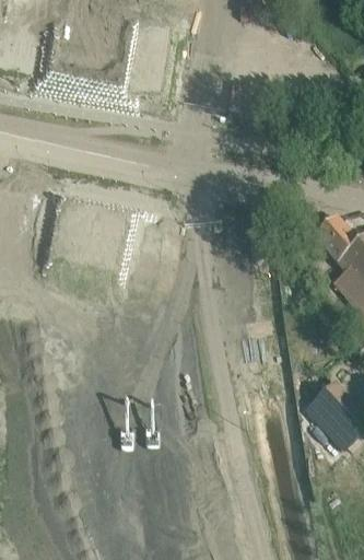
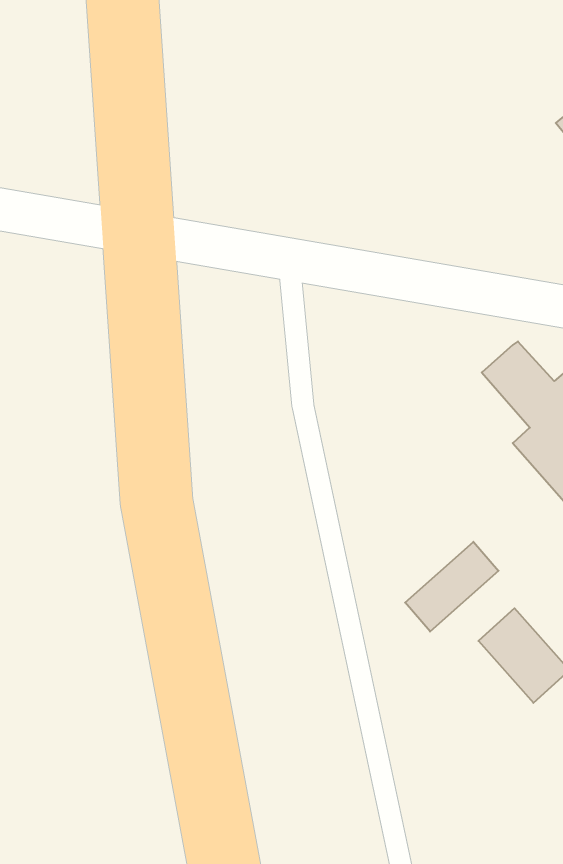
building: none -> [405,542,499,632]

